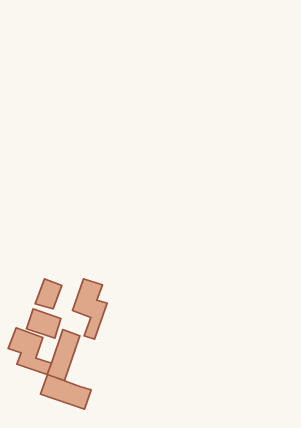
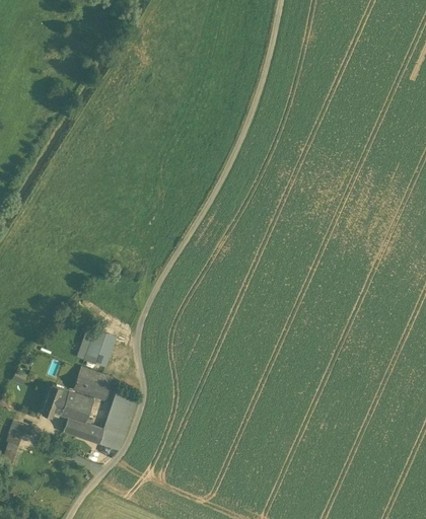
building: [73,279,107,339] -> none
building: [41,375,91,409] -> none

